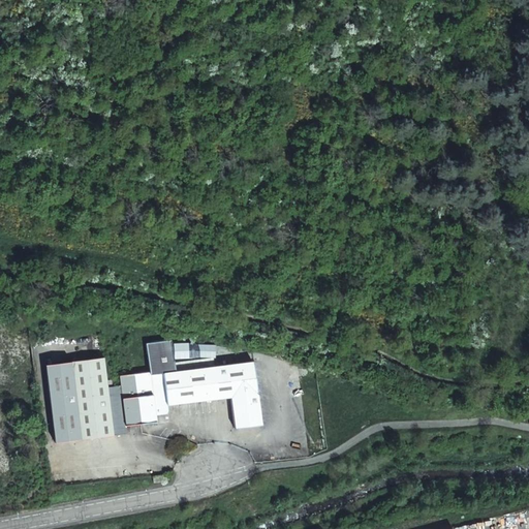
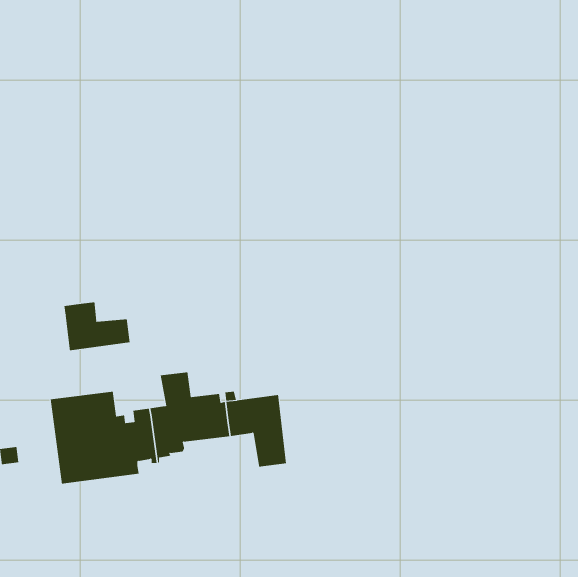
building: none -> [64,302,130,351]

